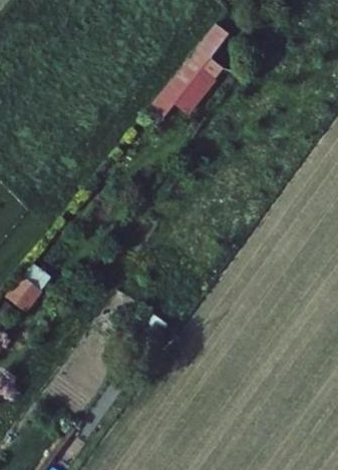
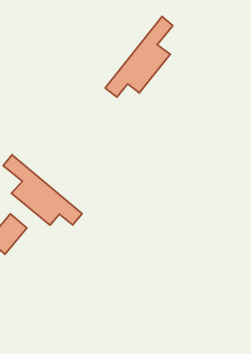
building: none -> [3,155,82,225]

